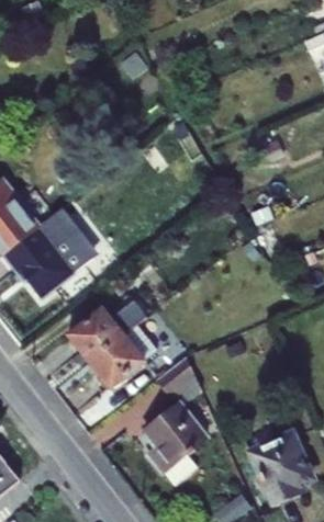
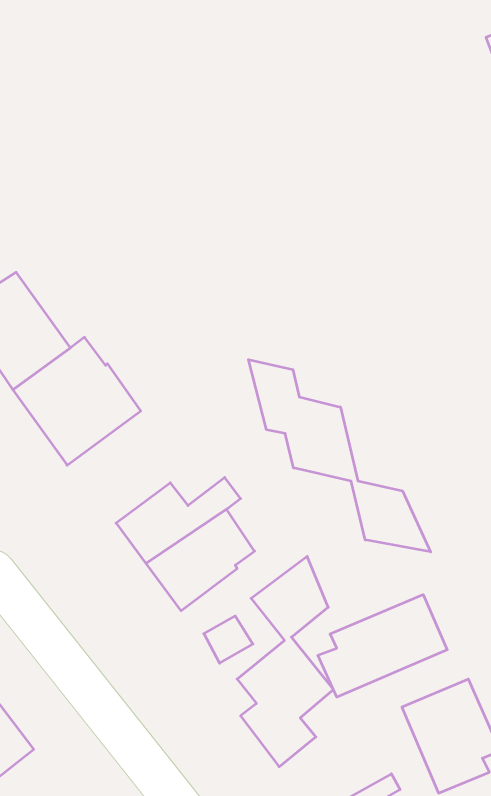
building: none -> [248,360,431,552]
building: none -> [318,595,447,697]

